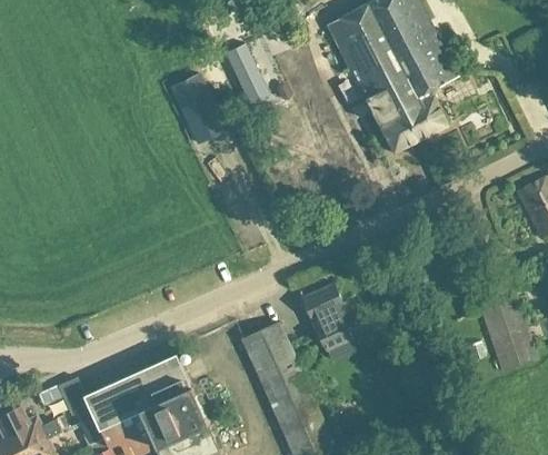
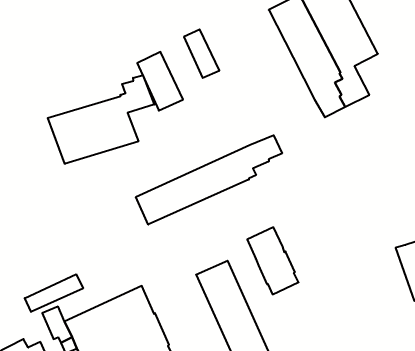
building: none -> [48,75,154,164]
building: none -> [136,135,282,225]
building: none -> [25,274,83,312]

